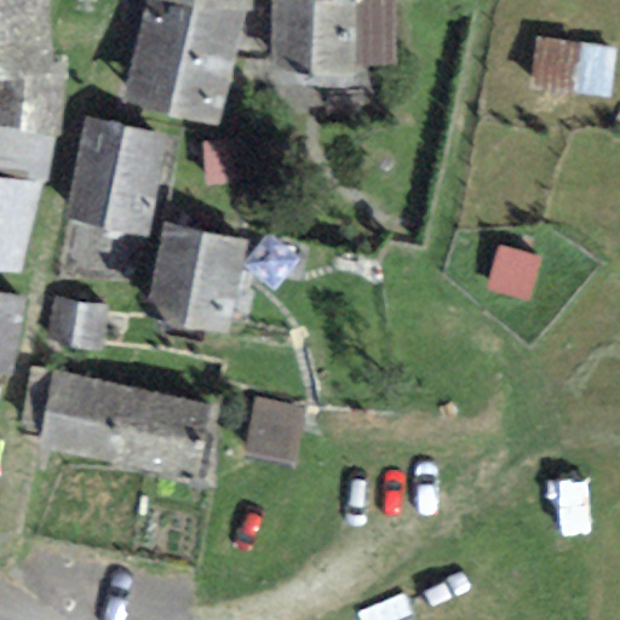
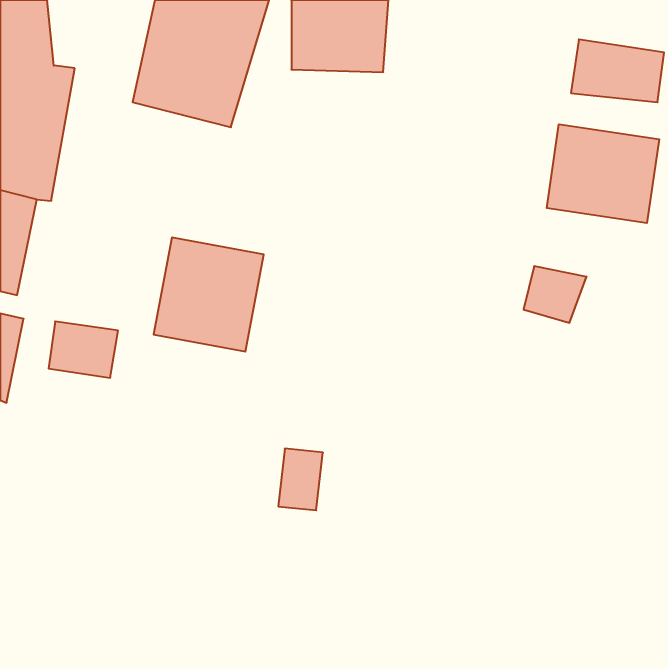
building: none -> [547,124,659,223]
building: [65,117,166,231] -> none
building: [41,372,214,475] -> none

